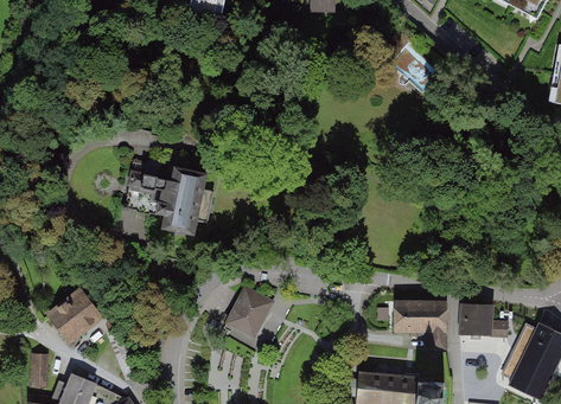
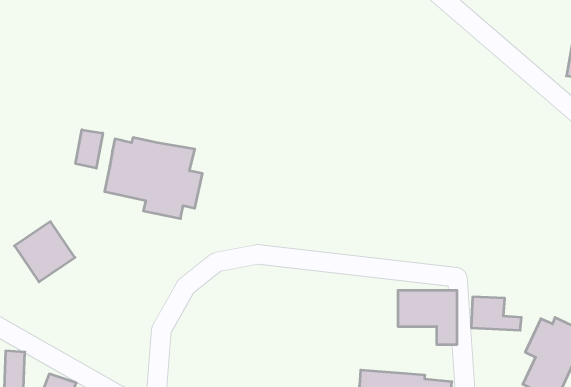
building: none -> [76,130,103,168]
building: [225,284,273,336] -> none
building: [46,289,102,345] -> [14,222,75,282]

